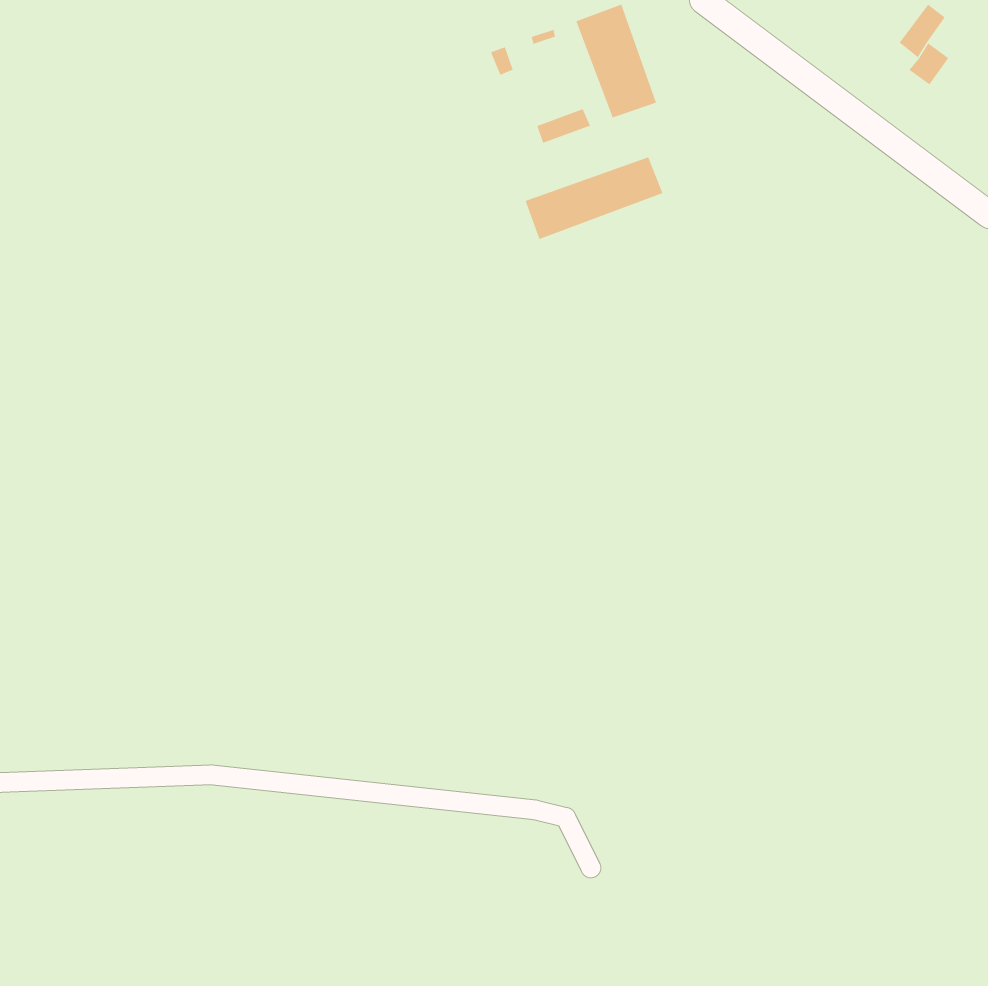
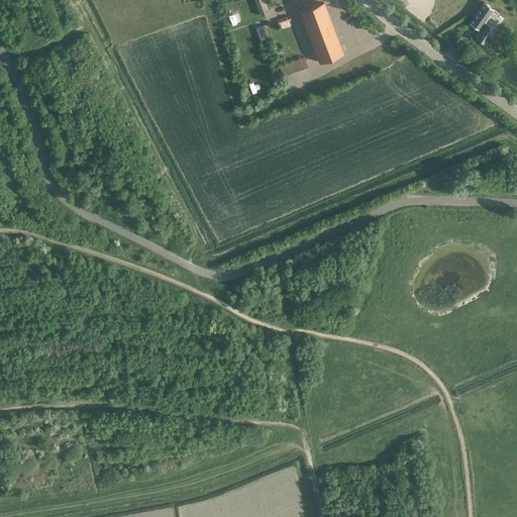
building: [525,156,663,240] -> none

